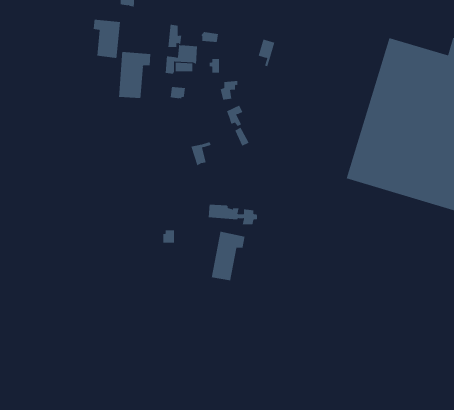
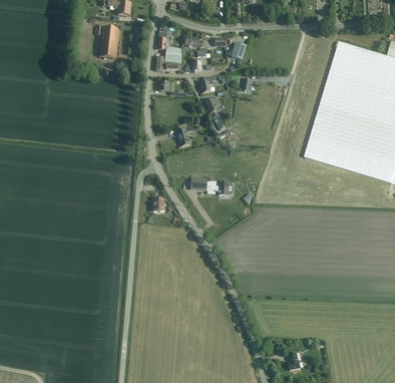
building: [118,51,151,99] -> none
building: [211,231,245,281] -> none

